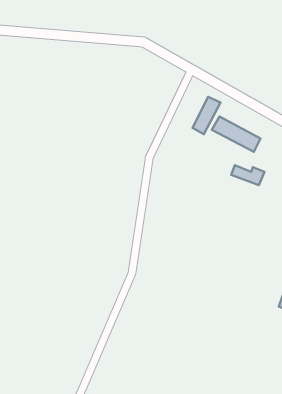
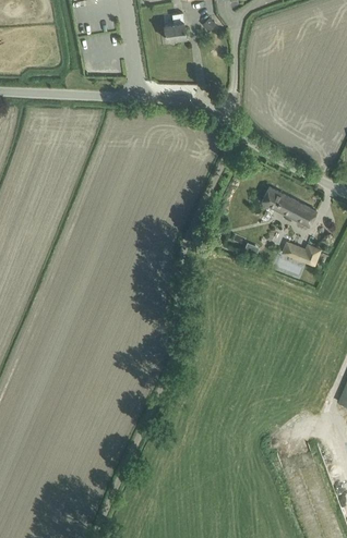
building: [192,97,220,134] -> none

